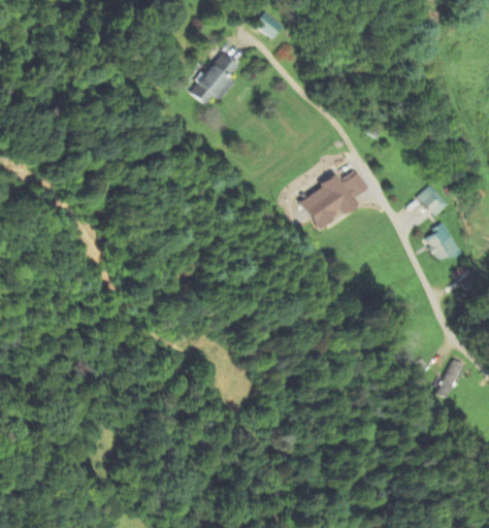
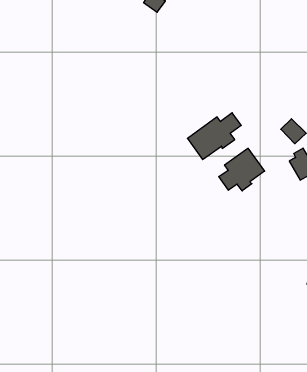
building: [189,53,237,104] -> none
building: none -> [219,148,265,191]

